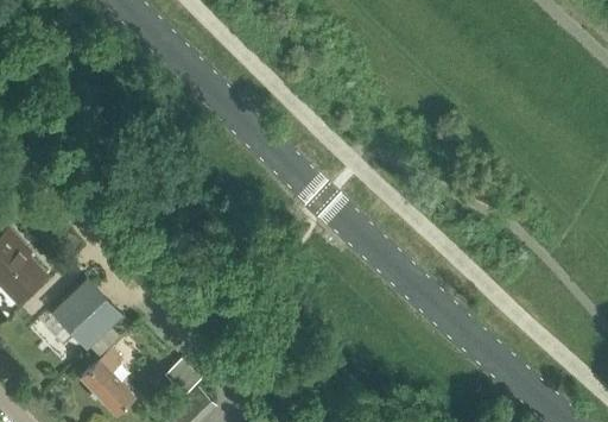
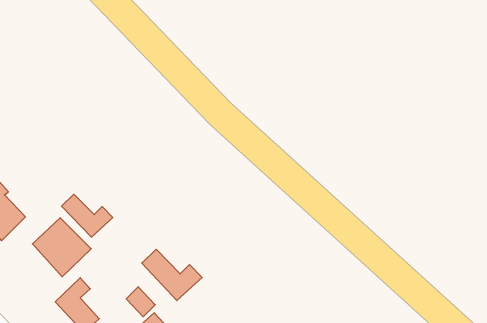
building: none -> [62,194,113,237]
building: none -> [142,249,202,301]

